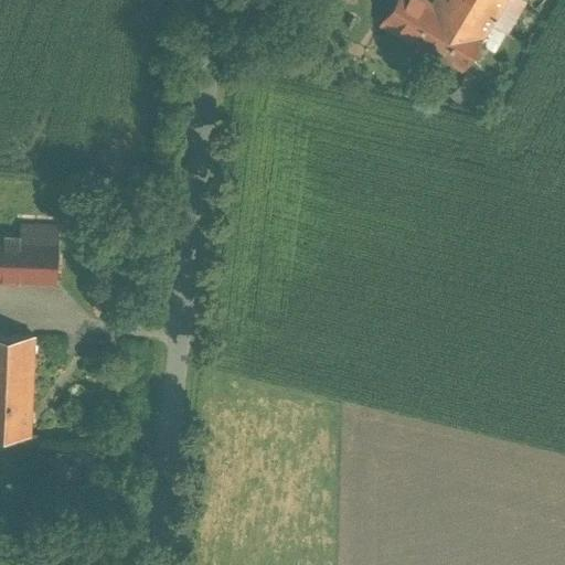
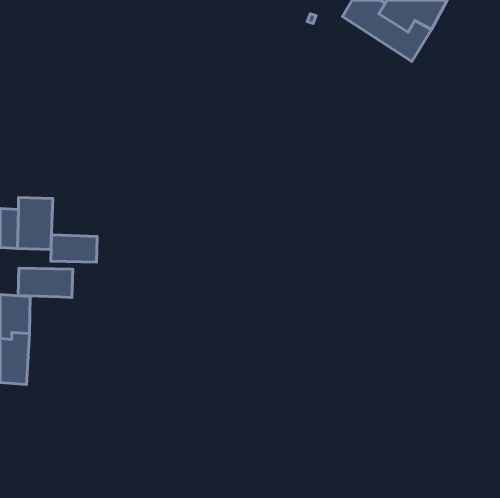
building: none -> [51,235,97,262]
building: none -> [18,268,73,298]

